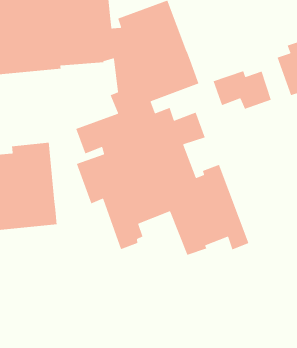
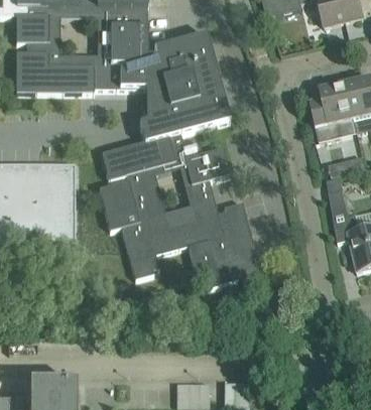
building: [213,70,272,110] -> none

